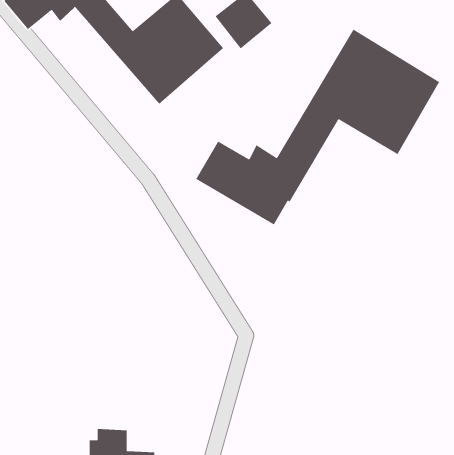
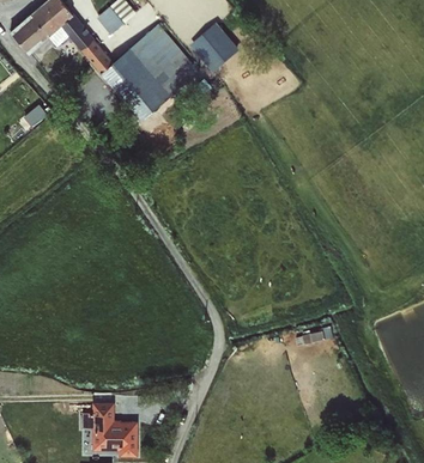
building: [195,29,440,225] -> none

